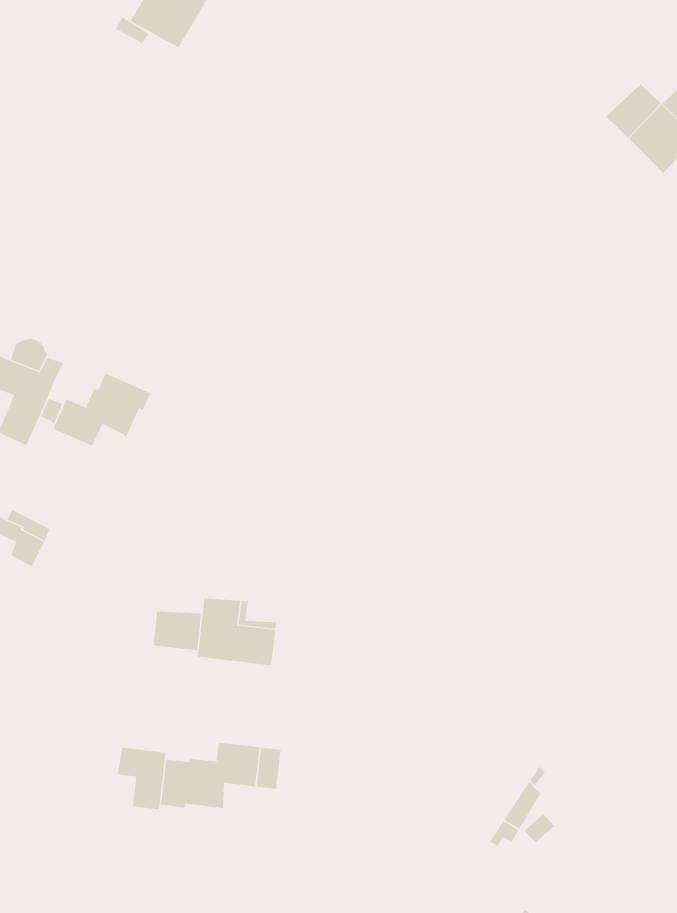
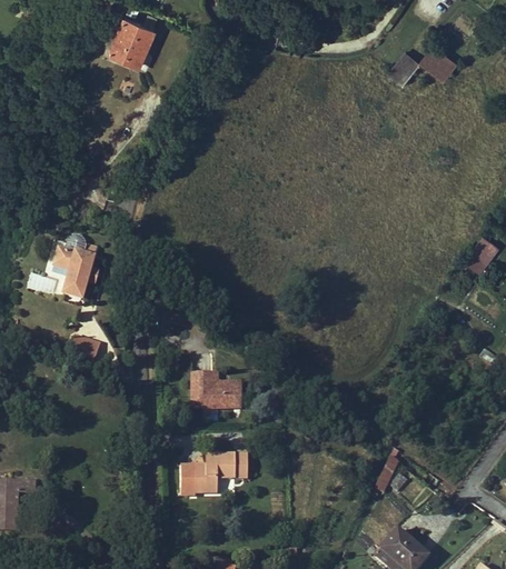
building: [53,372,151,447] -> none
building: [152,611,202,651] -> none
building: [117,747,166,810] -> none

